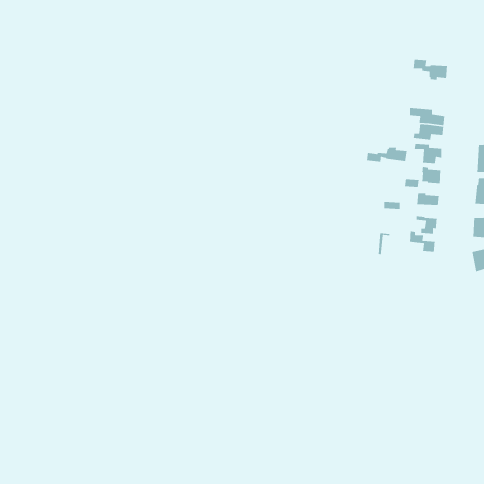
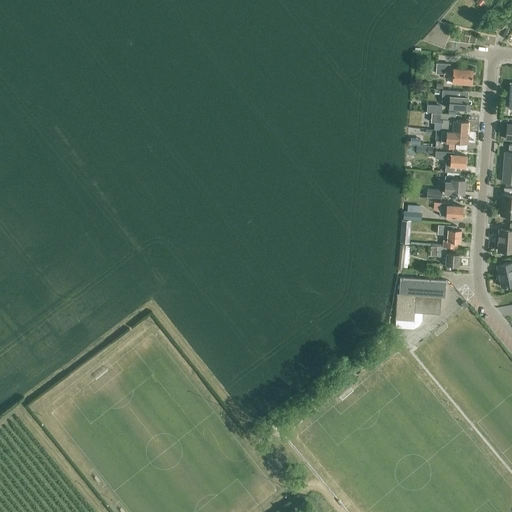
building: none -> [443,91,471,111]
building: [366,147,407,162] -> none
building: none -> [396,278,447,322]

